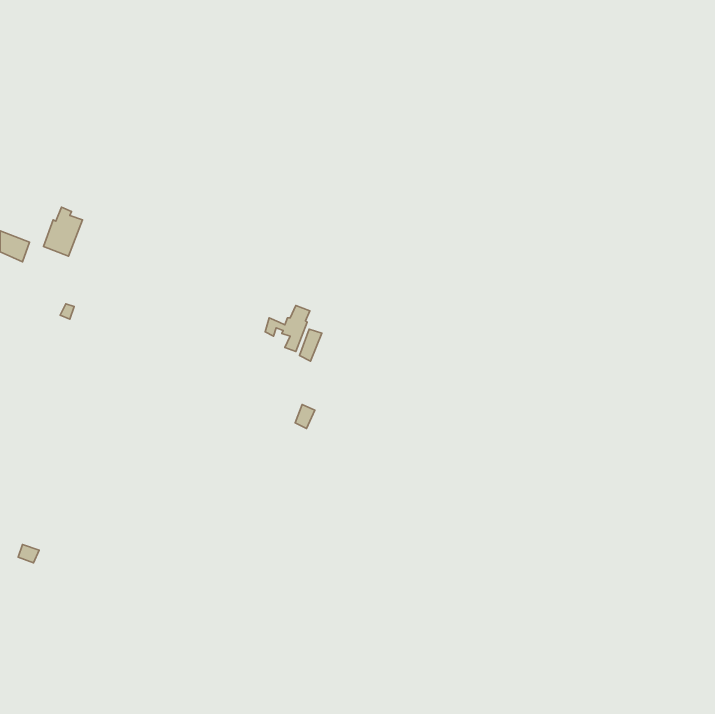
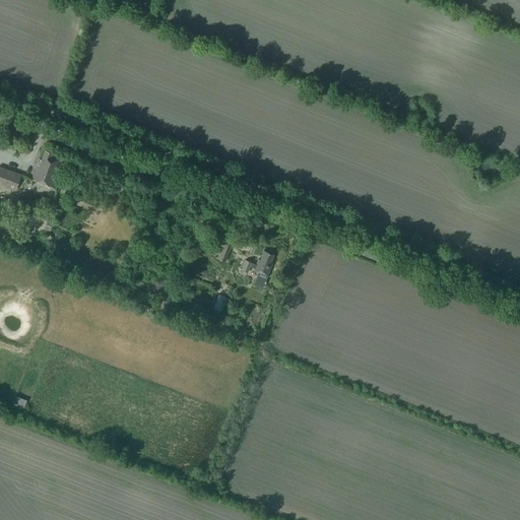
building: [265,305,310,352] -> [242,251,274,284]

